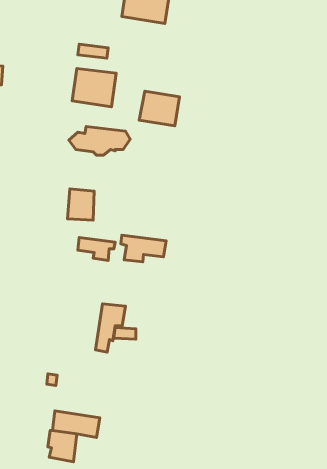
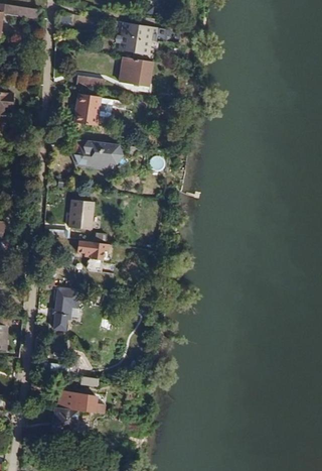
building: [139,91,180,126] -> [118,57,153,88]
building: [121,235,166,262] -> none
building: [96,304,126,352] -> [52,288,78,331]

